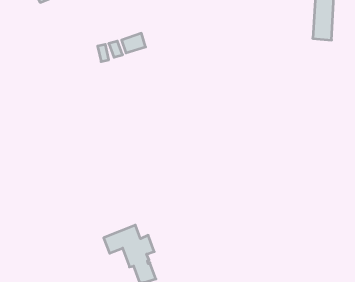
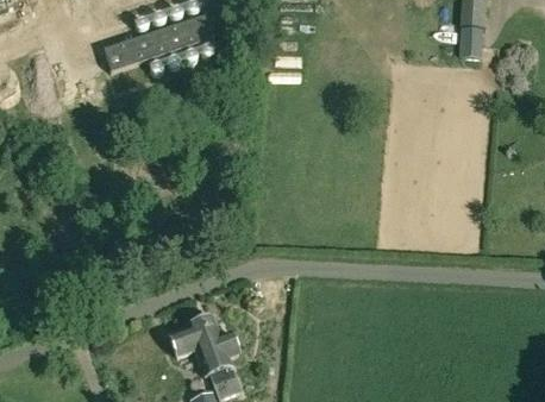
building: none -> [104,14,213,71]

